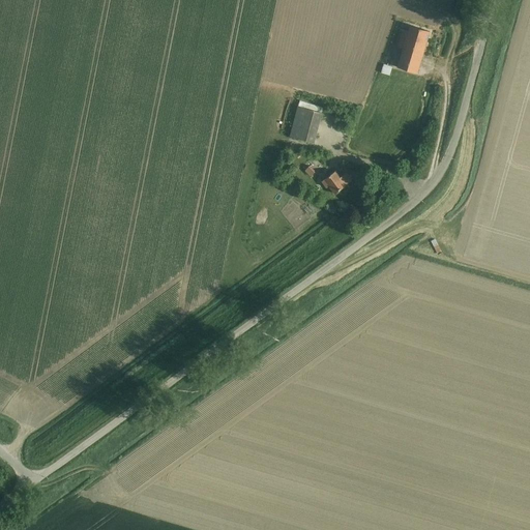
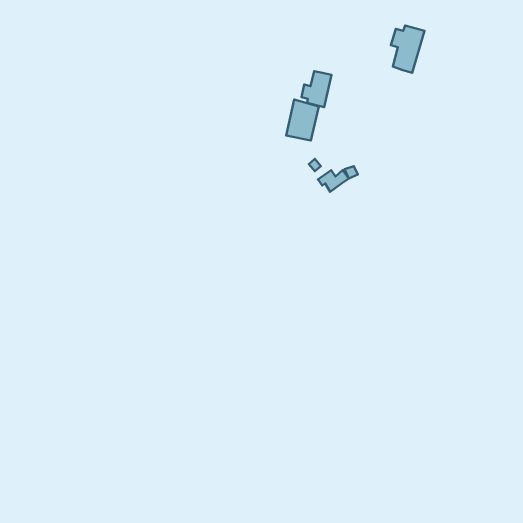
building: none -> [301,71,332,107]

